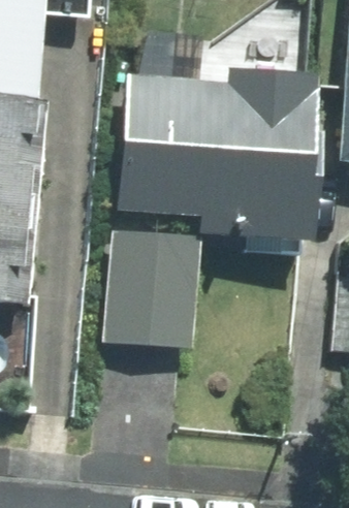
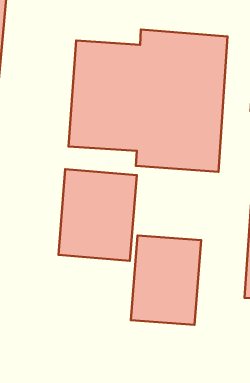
building: none -> [131,235,201,325]

